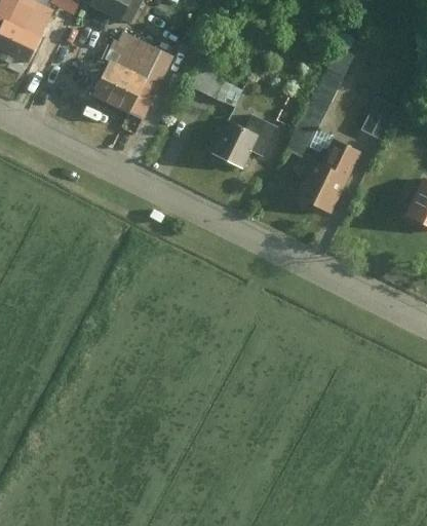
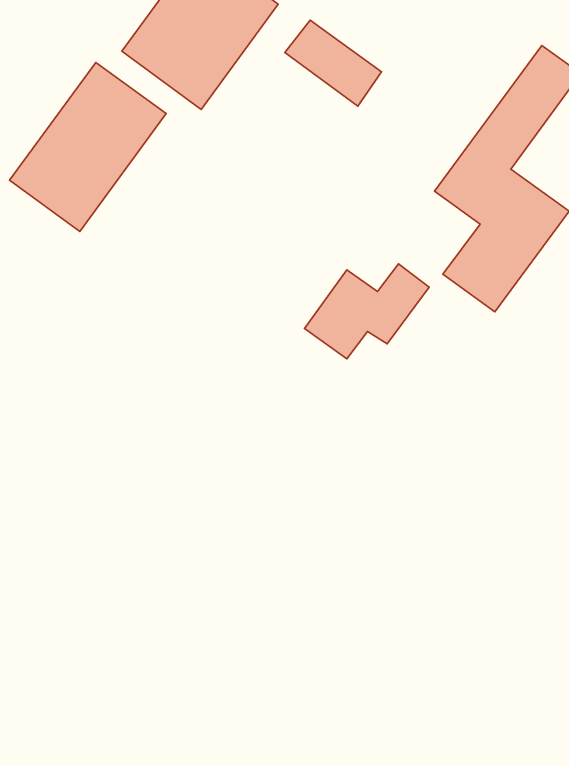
building: none -> [10,62,166,231]
building: [212,110,279,168] -> [304,264,429,359]

